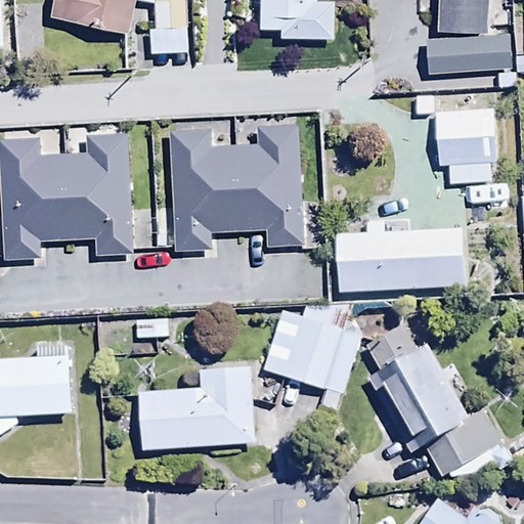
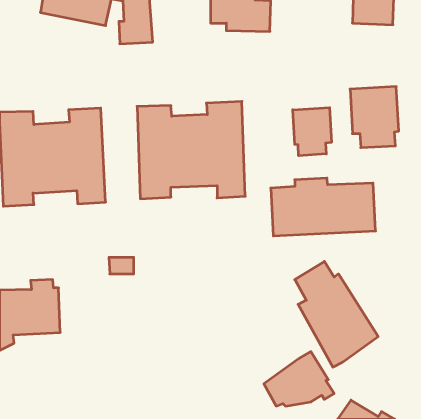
building: [427,34,510,75] -> none
building: none -> [293,108,331,156]
building: [262,307,362,412] -> none
building: [140,367,255,452] -> none
building: [425,409,512,477] -> [264,352,334,406]

